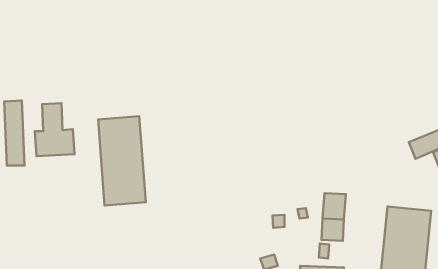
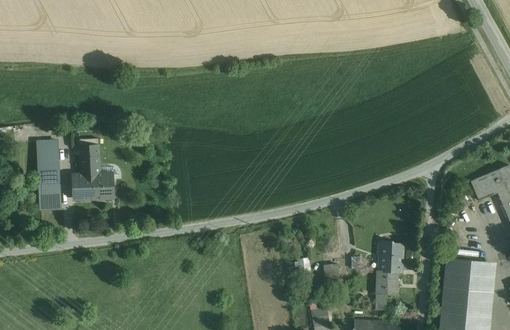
building: [98,116,146,206] -> none

